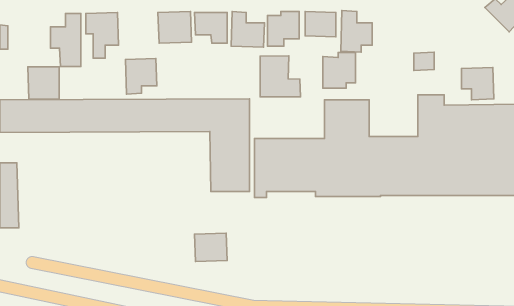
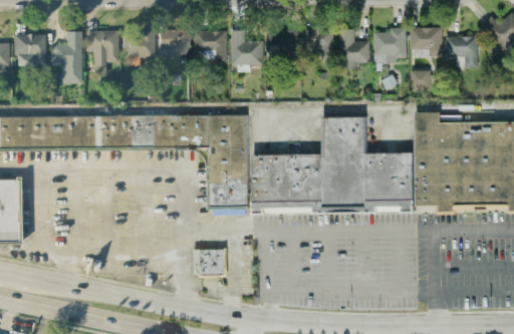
building: none -> [410,27,442,56]
building: [323,52,355,88] -> [373,27,406,62]
building: [260,56,301,97] -> none
building: [125,59,157,94] -> [123,31,155,66]
building: [28,67,59,99] -> [14,34,45,66]
building: [461,67,494,100] -> [446,35,478,67]

